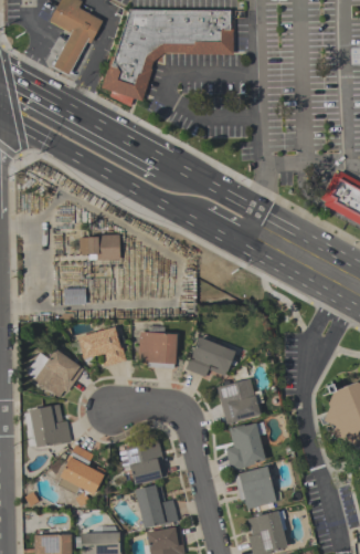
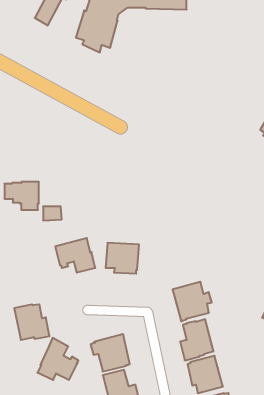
building: [80,234,120,268] -> [4,182,39,210]
building: [186,337,236,377] -> none
building: [34,348,84,397] -> none

